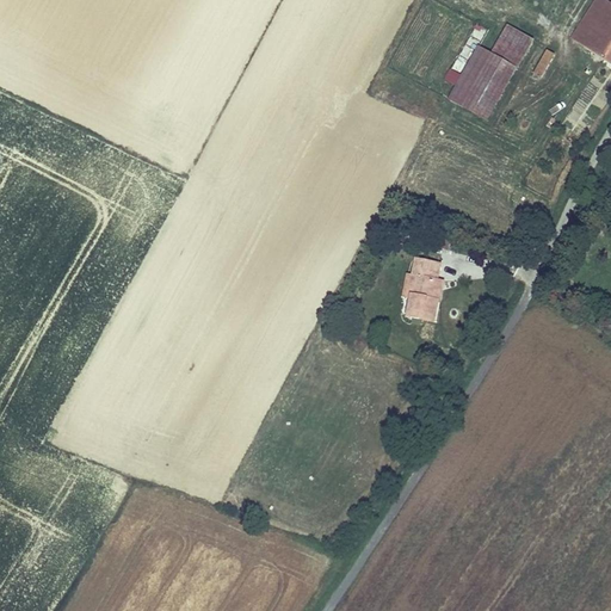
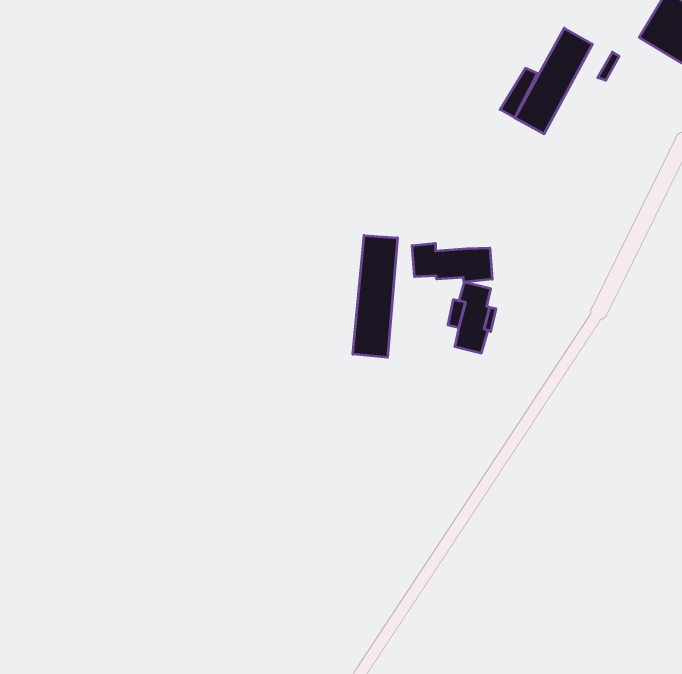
building: none -> [353,235,397,357]
building: none -> [412,243,492,282]

